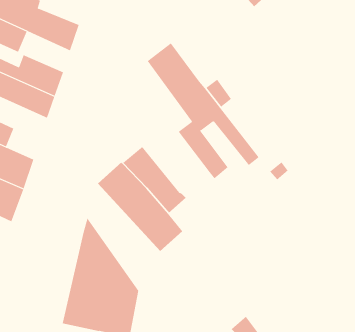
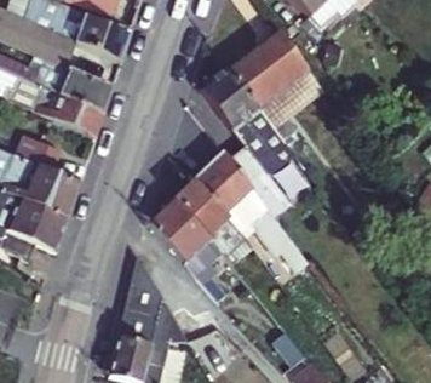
building: none -> [228,25,306,104]
building: none -> [196,149,269,228]

